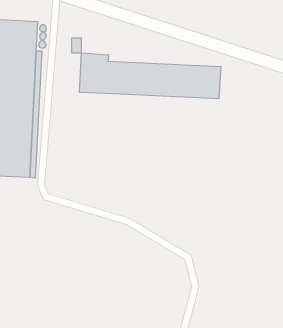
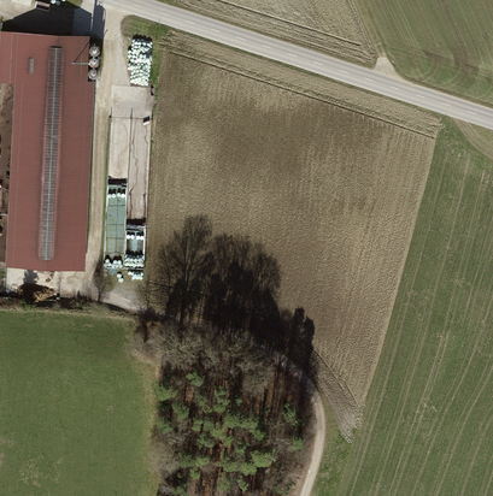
building: [79,53,221,99] -> none

